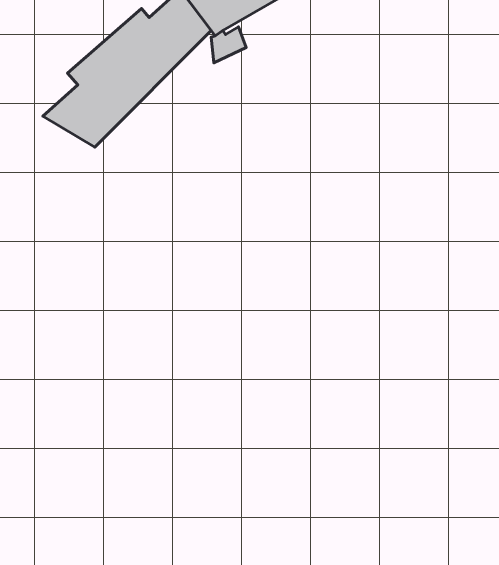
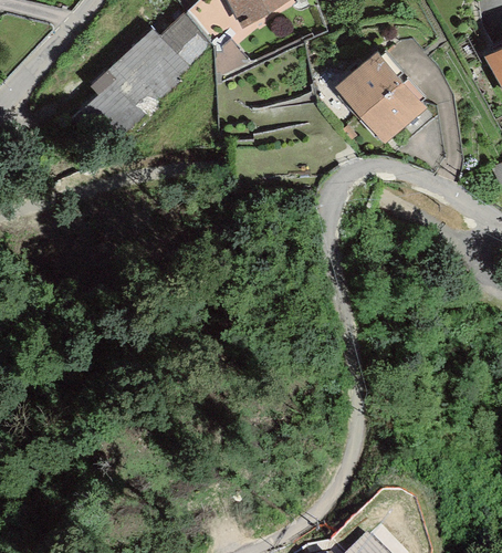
building: none -> [338,50,420,133]

